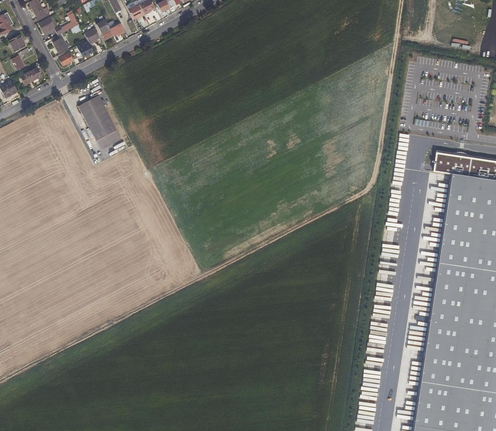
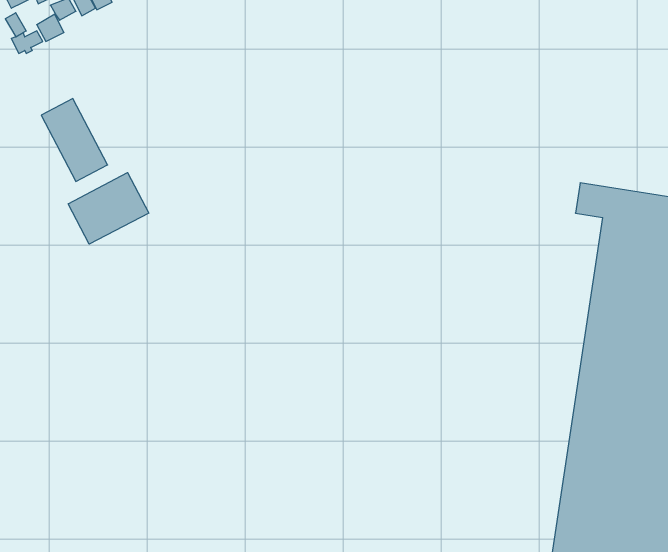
building: none -> [68,173,149,244]

